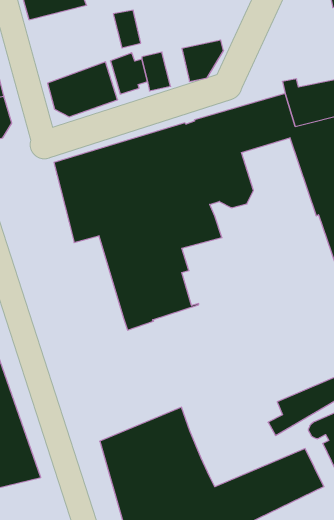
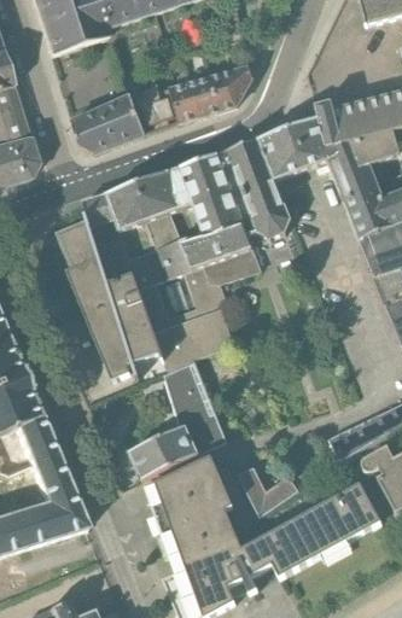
building: [113,10,141,48] -> [190,74,220,113]
building: none -> [62,211,164,379]
building: none -> [130,358,228,477]
building: none -> [239,464,299,517]

